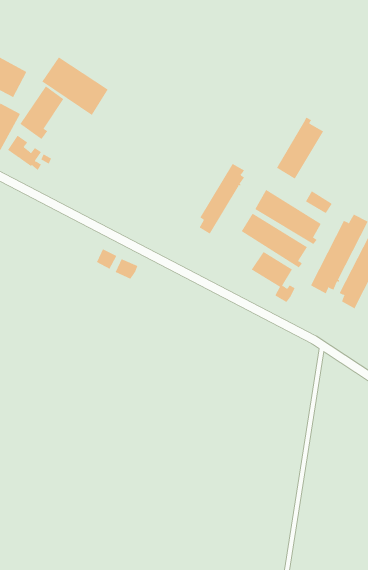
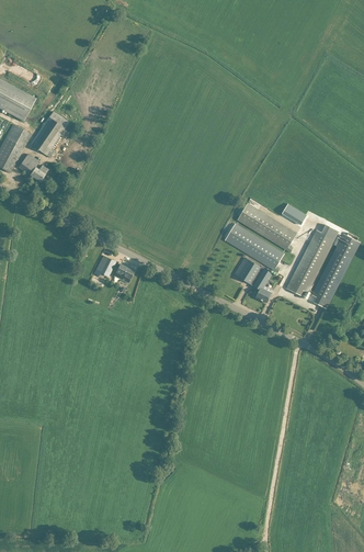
building: [42,56,108,116] -> none
building: [276,117,324,180] -> none
building: [199,163,245,234] -> none

